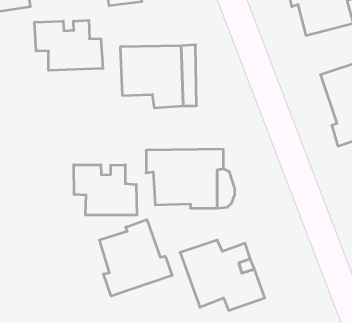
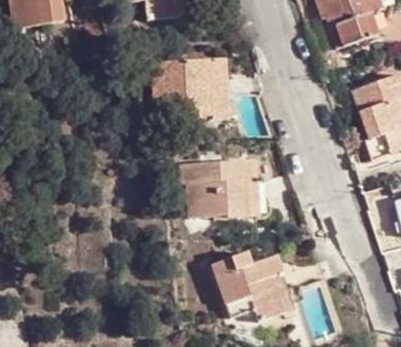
building: [35,20,103,70] -> none
building: [74,165,137,215] -> none
building: [99,220,172,296] -> none

